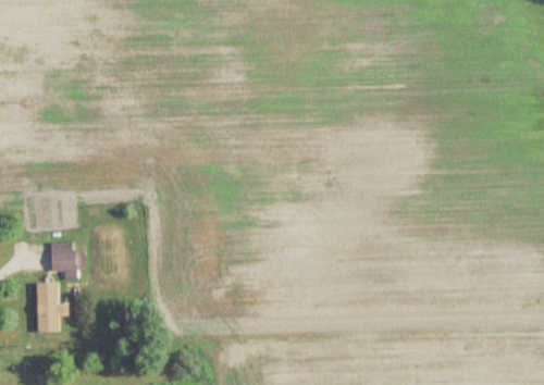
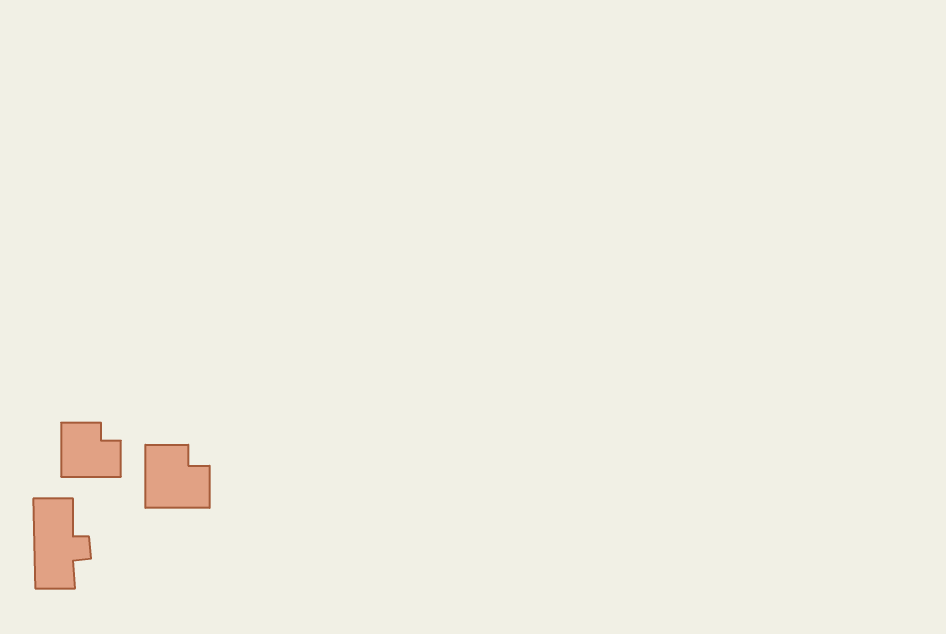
building: none -> [145,445,210,508]

